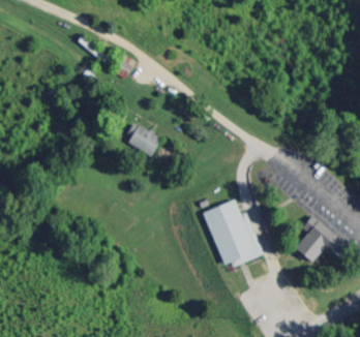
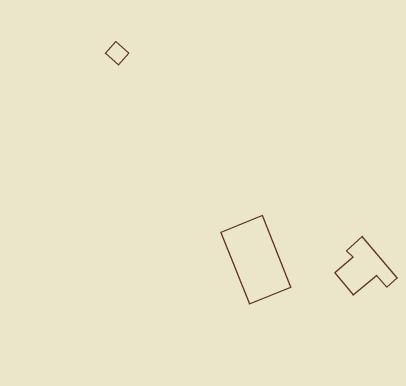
building: [124,125,161,158] -> none

